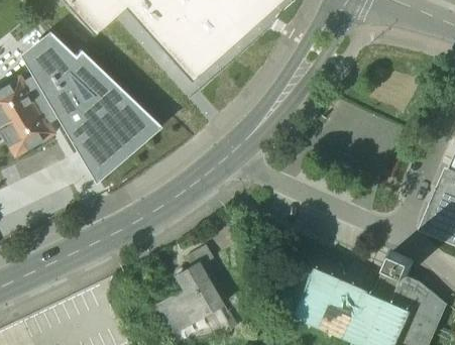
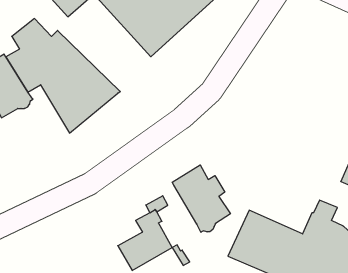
building: none -> [172,165,230,232]

